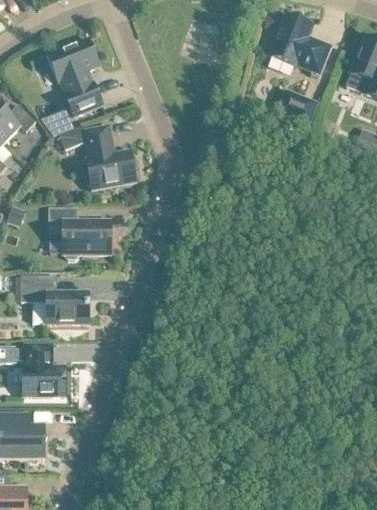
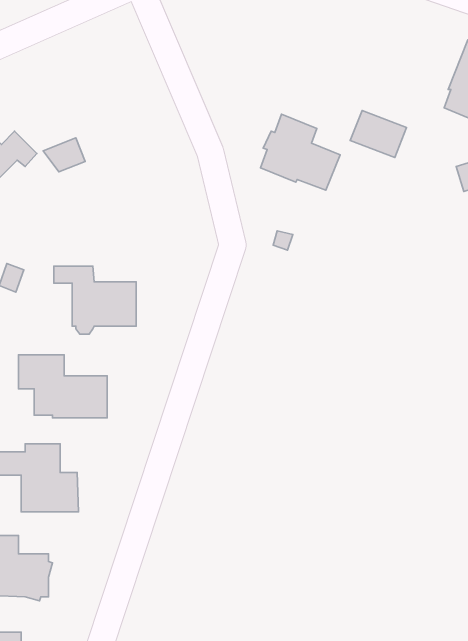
building: [269,14,330,72] -> [261,114,340,190]
building: [47,38,102,116] -> none
building: [59,124,136,188] -> none

